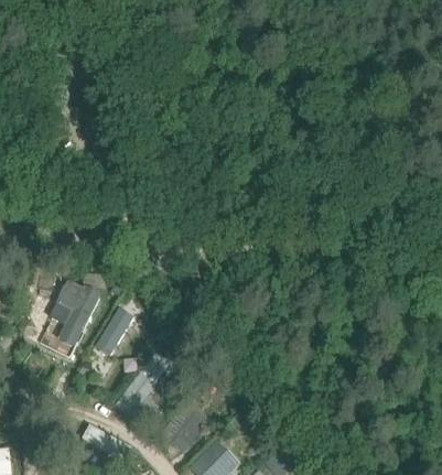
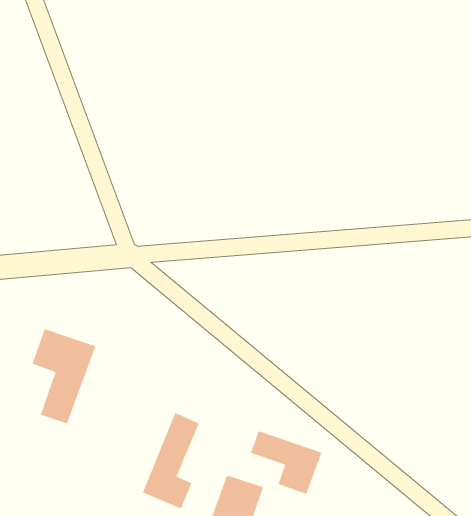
building: [94,309,132,357] -> none
building: none -> [250,430,322,495]

